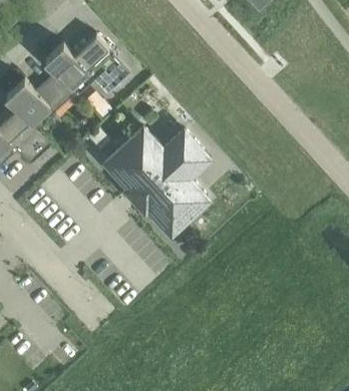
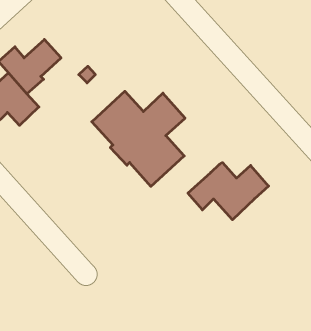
building: [41,35,125,94] -> none
building: none -> [188,163,269,220]

